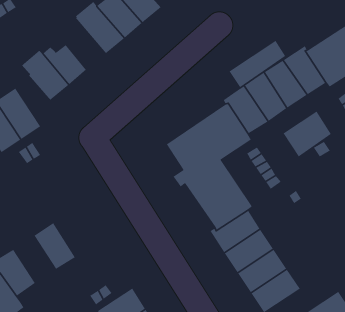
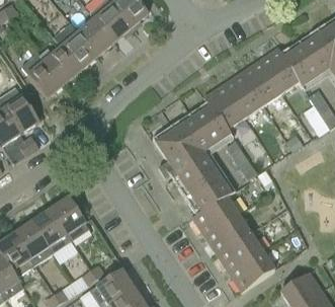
building: none -> [53,22,97,70]
building: [229,40,286,88] -> none
building: [282,110,332,158] -> none
building: none -> [50,197,88,241]
building: none -> [13,221,52,264]

